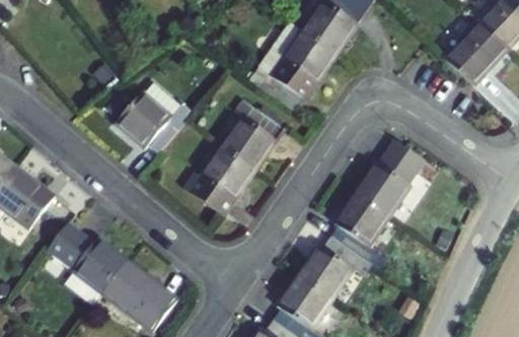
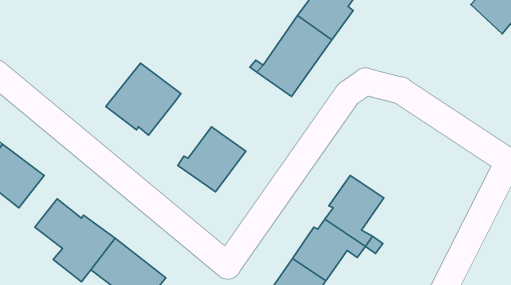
building: [441,21,508,88] -> none
building: [217,106,280,168] -> none
building: [356,140,425,215] -> none

